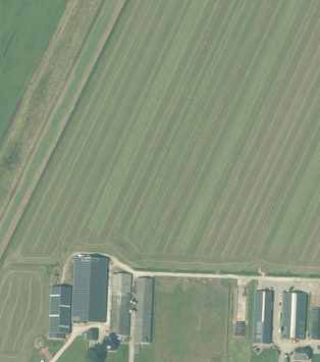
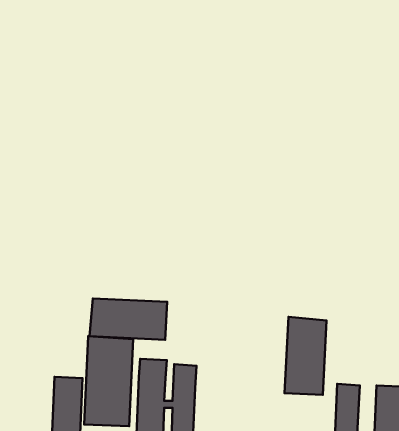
building: none -> [90,298,167,340]
building: none -> [285,317,326,395]

